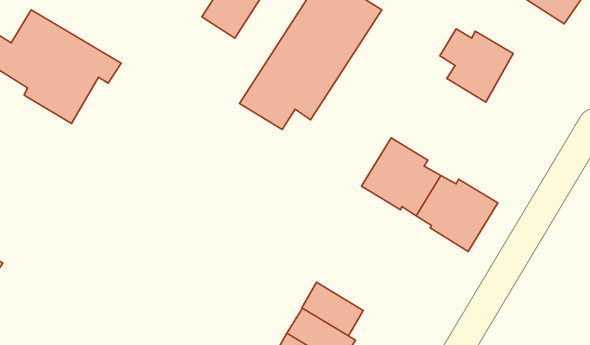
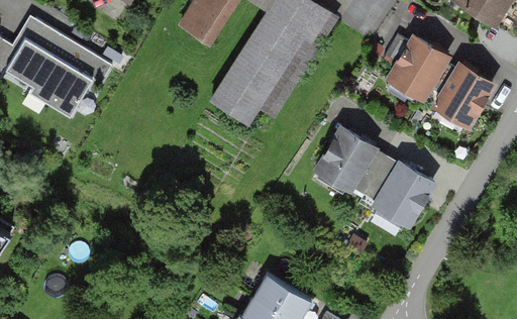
building: none -> [429,61,492,124]
building: [302,282,363,336] -> none

